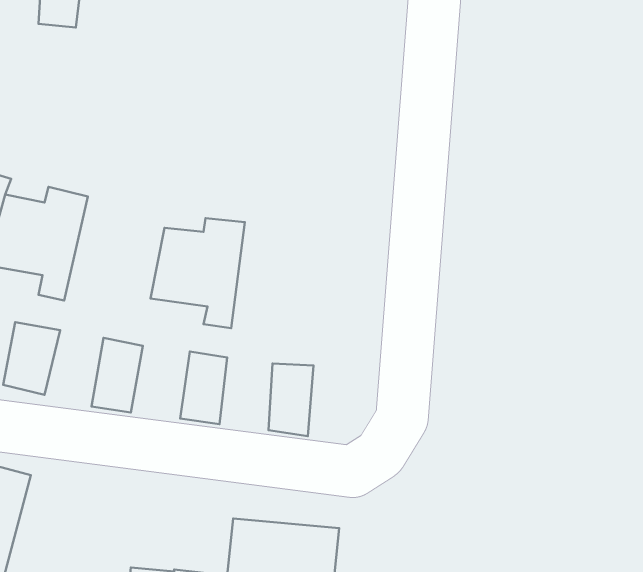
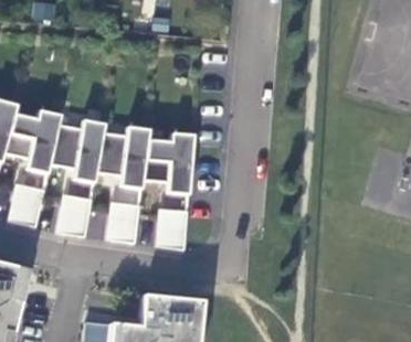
building: none -> [49,119,104,182]
building: none -> [143,132,192,193]

